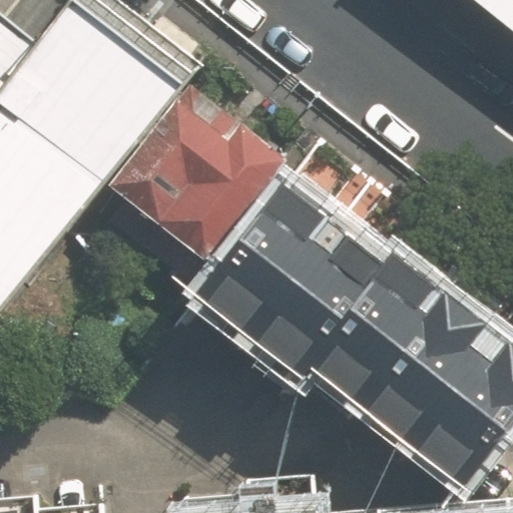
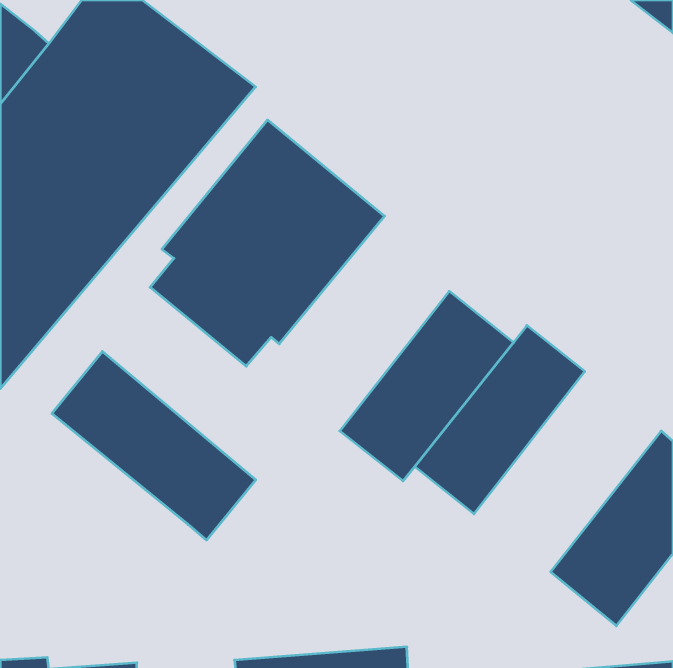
building: [206,184,342,332] -> none
building: none -> [52,351,256,540]
building: [361,287,503,439] -> none

